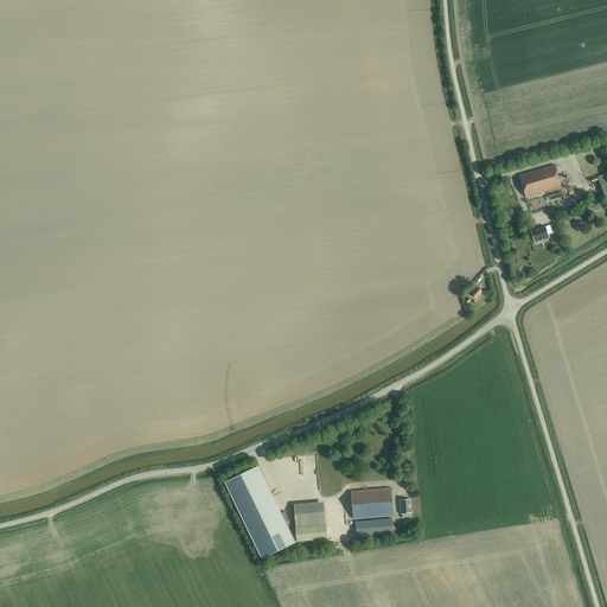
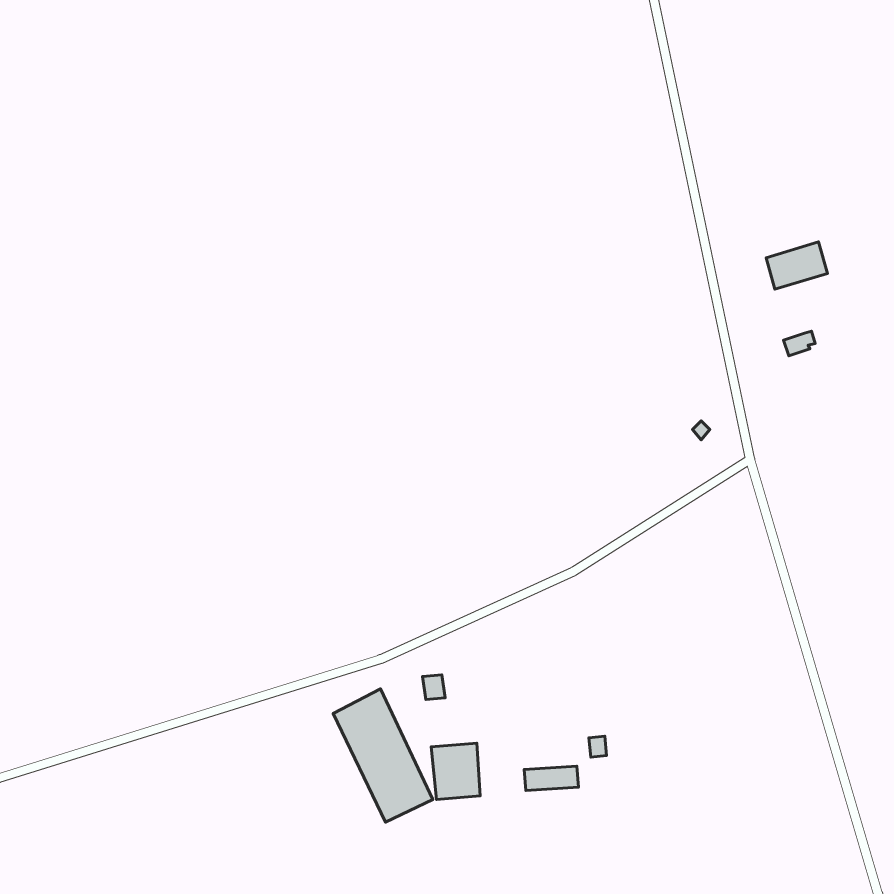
building: [350,487,392,517] -> none

